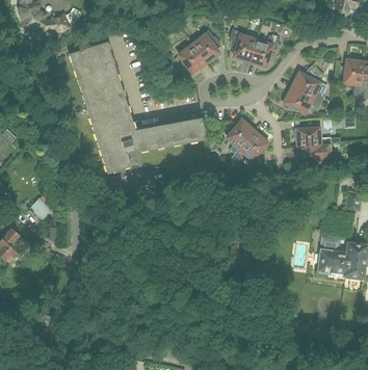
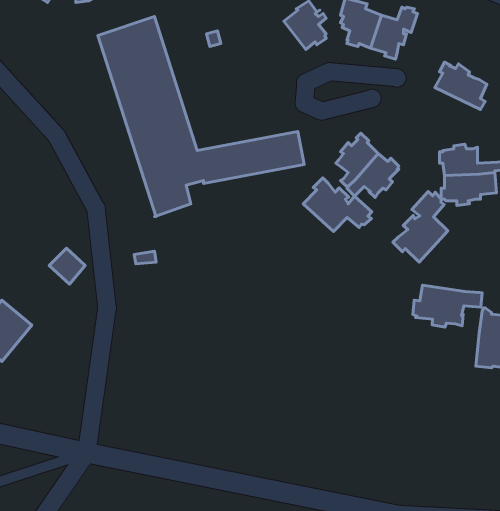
building: [178,44,206,75] -> none
building: [282,87,321,113] -> none
building: none -> [303,178,372,232]
building: none -> [393,192,448,262]
building: none -> [413,285,482,327]

